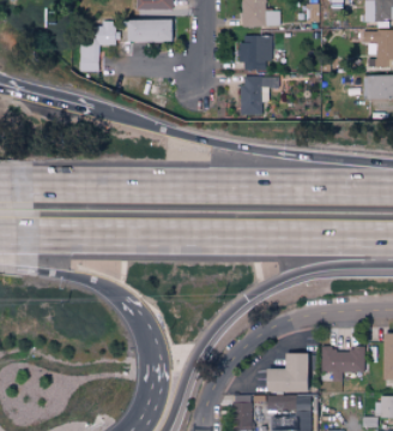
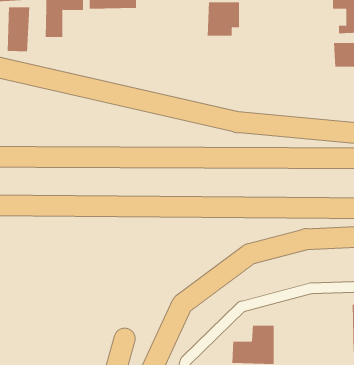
building: none -> [7,6,30,52]
building: [241,76,280,115] -> none
building: [322,347,364,379] -> none

